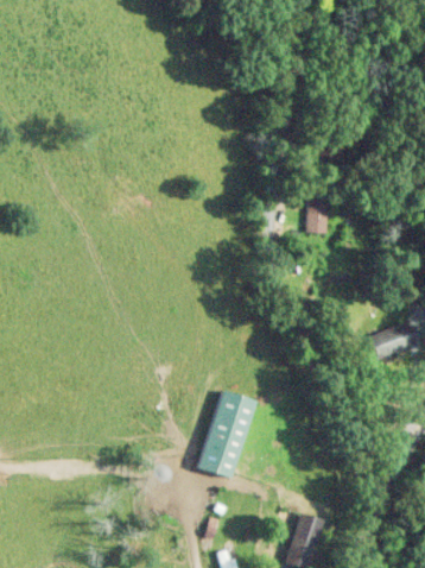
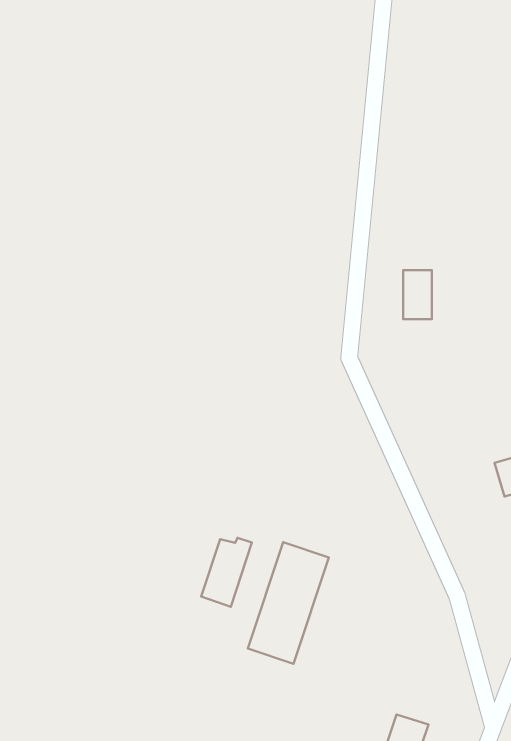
building: none -> [201,538,252,607]

